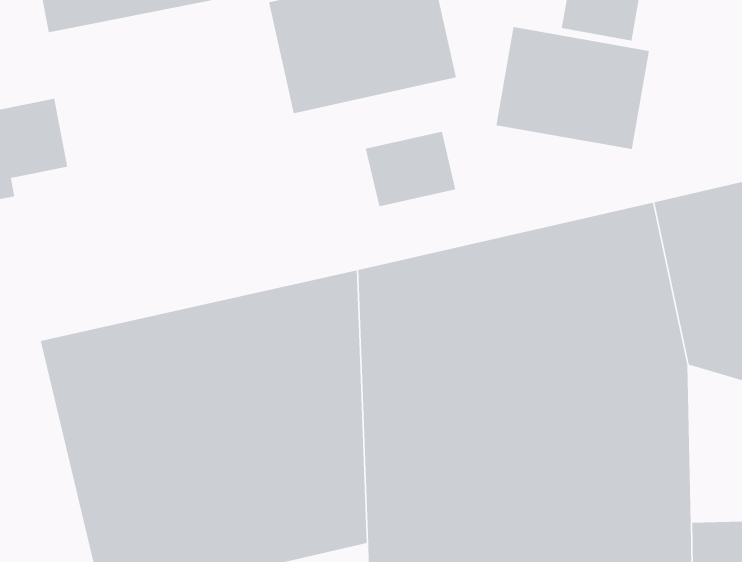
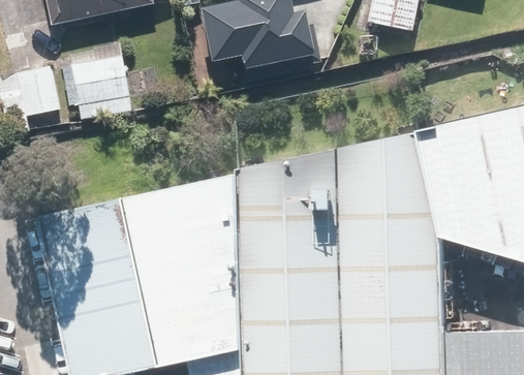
building: [495,26,650,150] -> none
building: none -> [70,42,132,121]
building: [365,131,456,207] -> none

